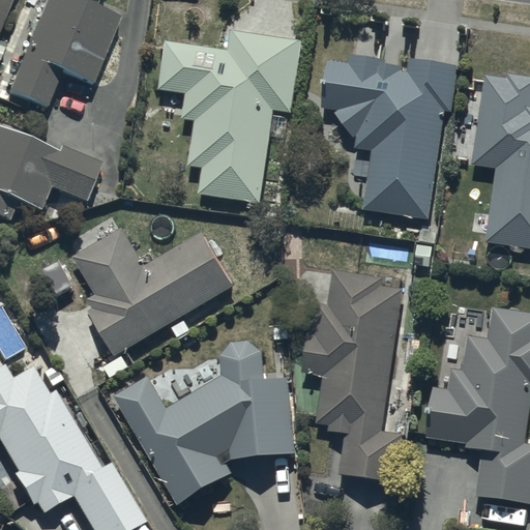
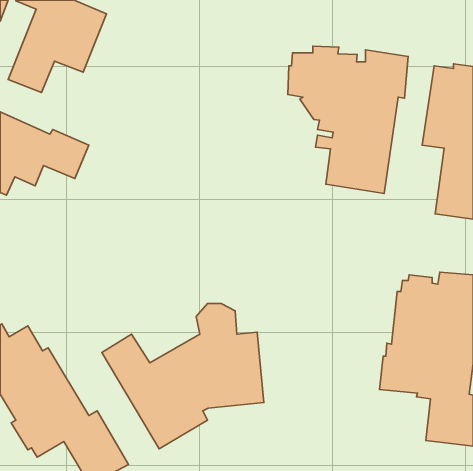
building: [159,29,301,203] -> none
building: [75,228,234,355] -> none
building: [302,271,404,481] -> none

